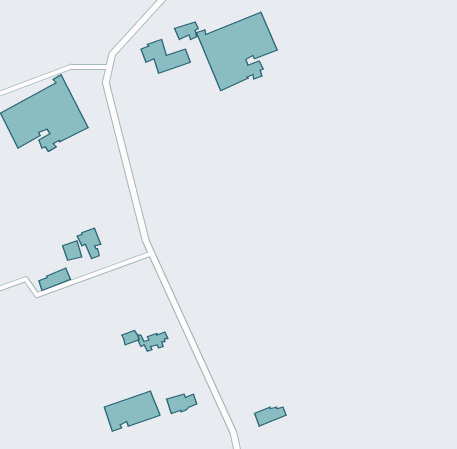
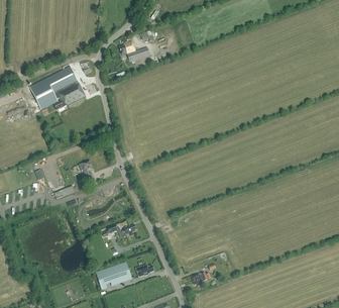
building: [197,12,277,91] -> none

